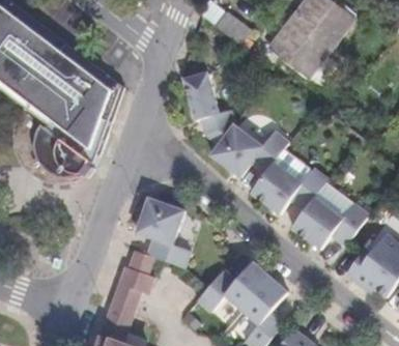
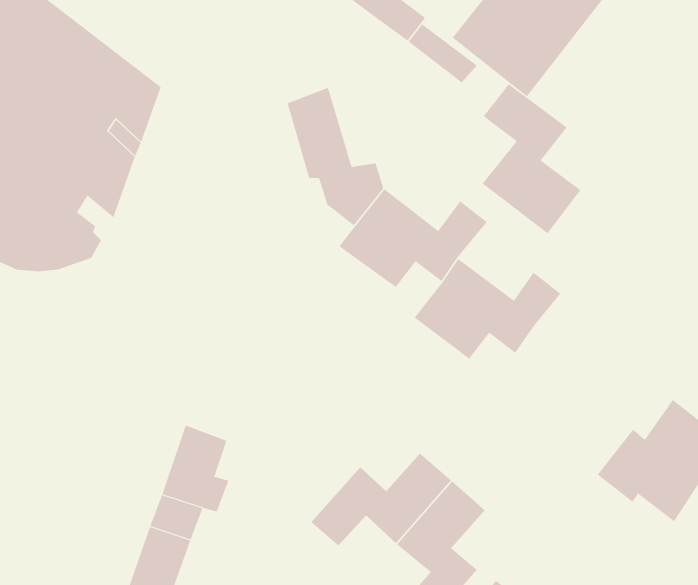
building: none -> [482,83,581,234]
building: [289,197,367,250] -> none
building: [135,198,189,268] -> none

